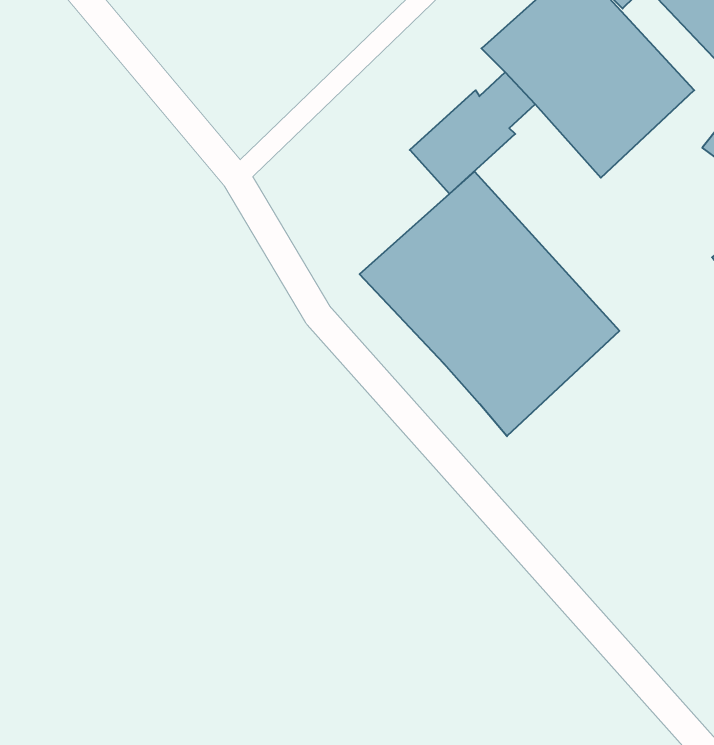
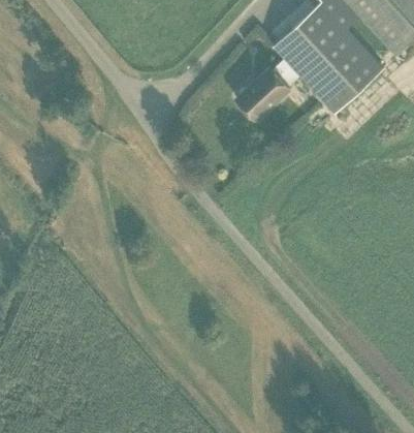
building: [360,171,619,436] -> none

